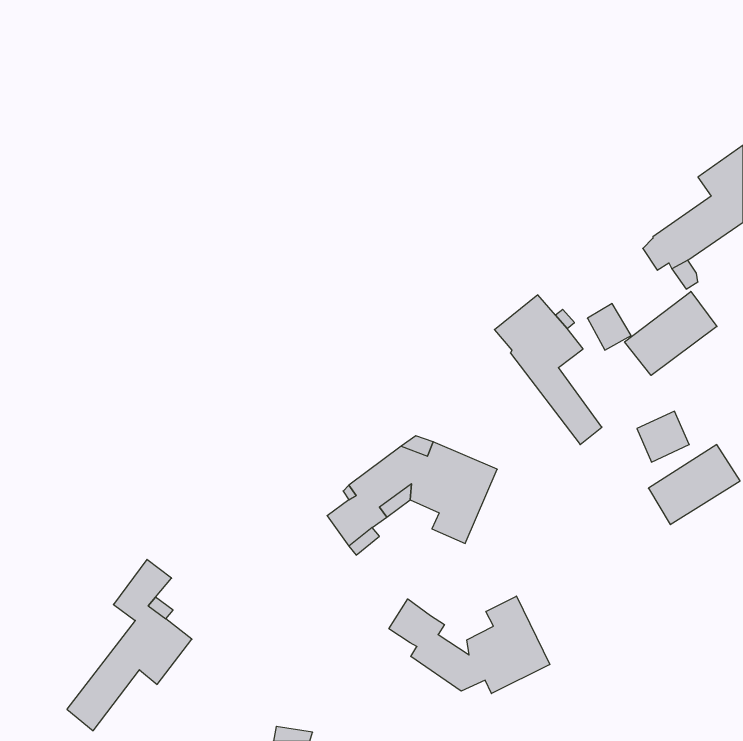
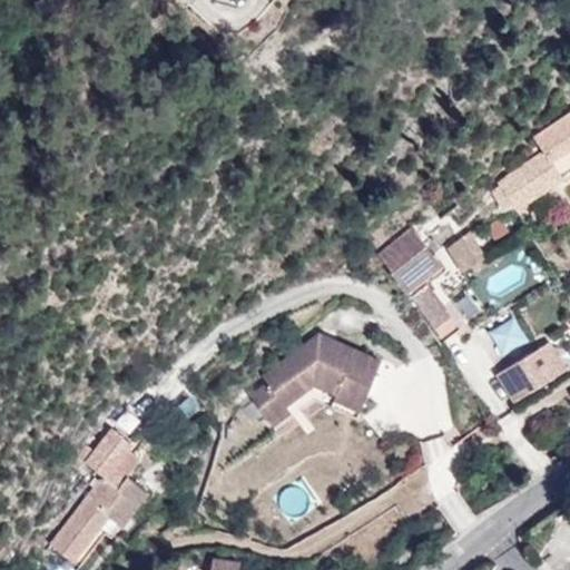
building: [625,291,717,375] -> none
building: [389,596,550,694] -> none

